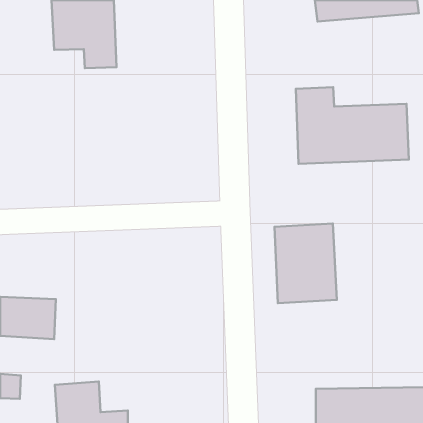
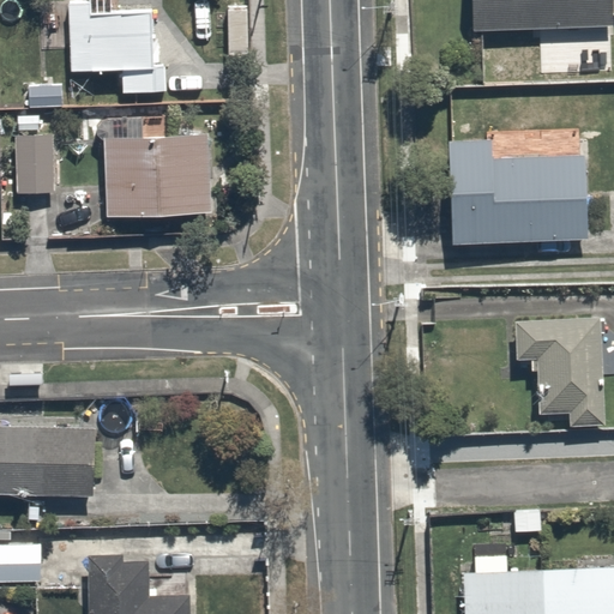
building: none -> [14,137,65,200]
building: none -> [109,138,228,230]
building: [275,223,337,303] -> [512,311,602,426]

